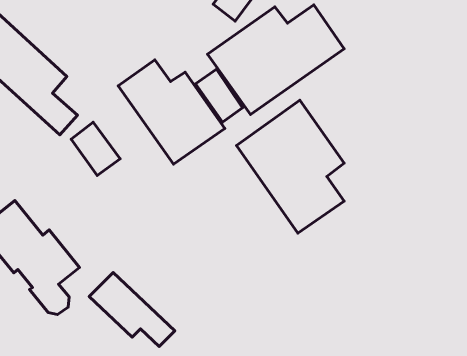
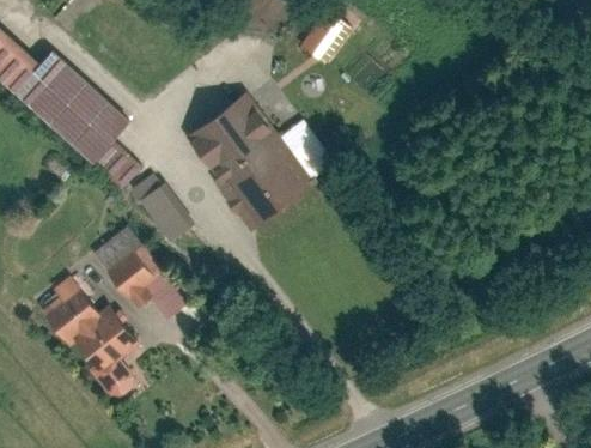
building: [207,5,344,114] -> none
building: [236,100,344,233] -> none
building: [89,272,175,347] -> [87,231,185,316]

